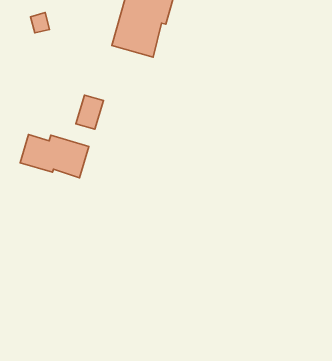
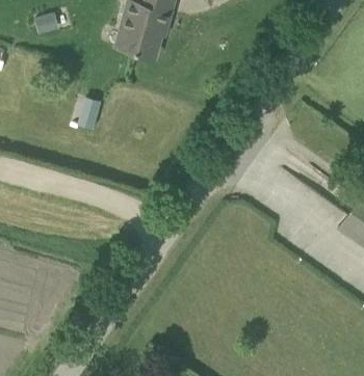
building: [20,135,89,178] -> none

